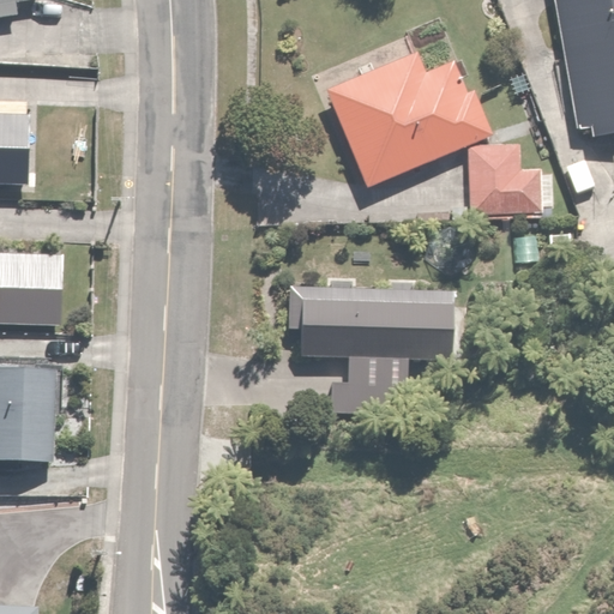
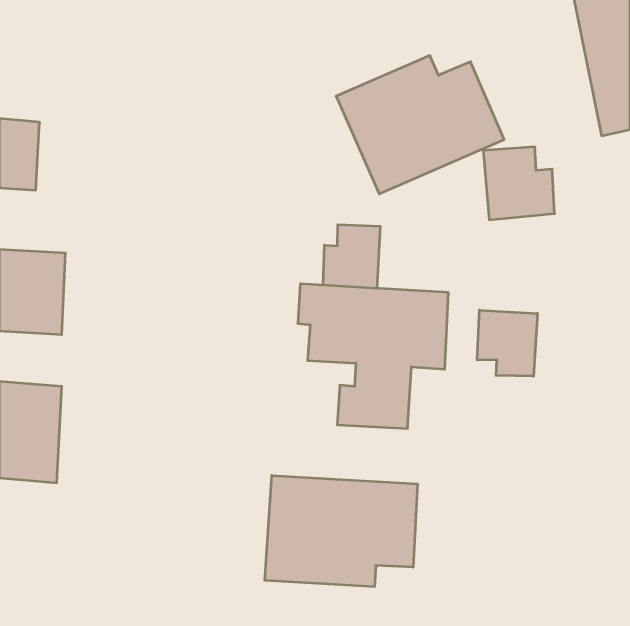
building: none -> [323,225,380,288]
building: none -> [477,310,537,376]
building: none -> [265,475,417,587]

